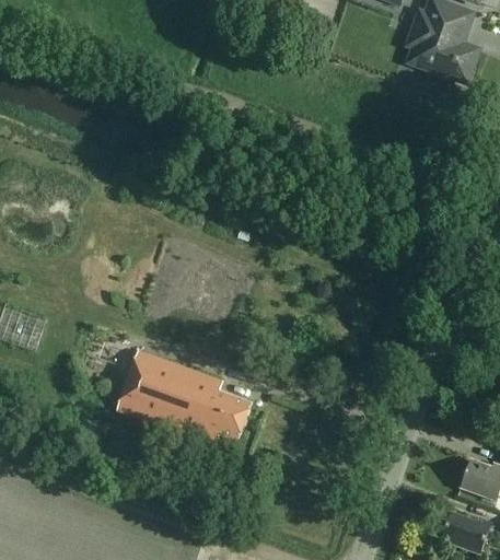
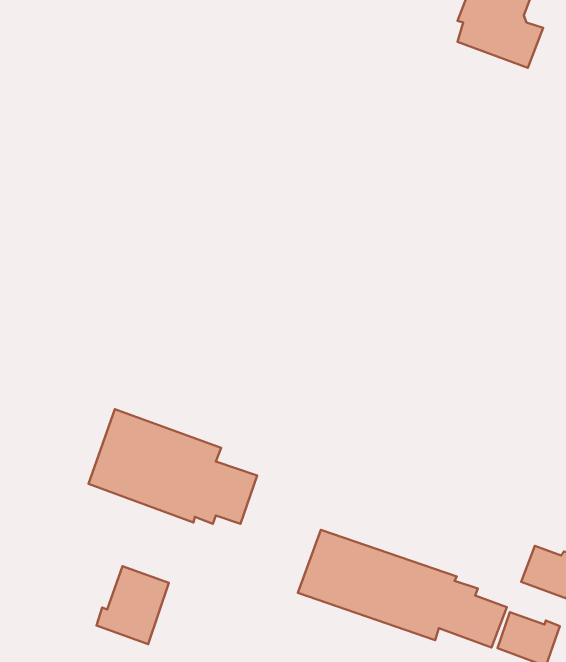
building: none -> [298,530,507,648]
building: none -> [97,566,169,644]

